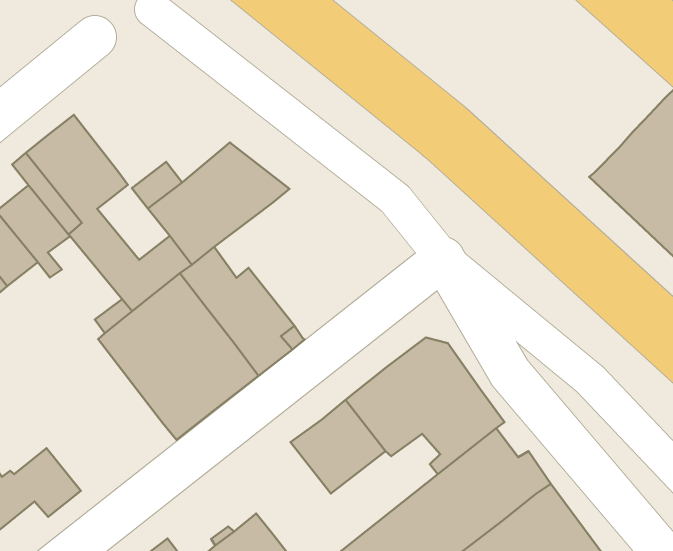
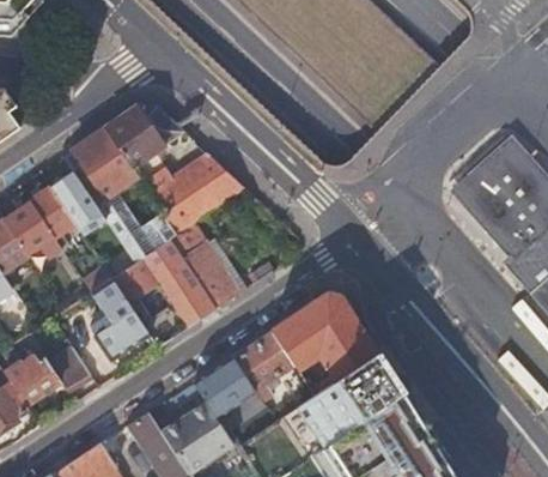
building: none -> [108,105,185,167]
building: none -> [91,277,151,361]
building: none -> [195,355,258,416]

